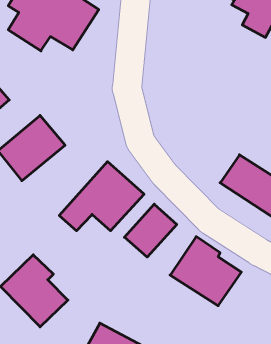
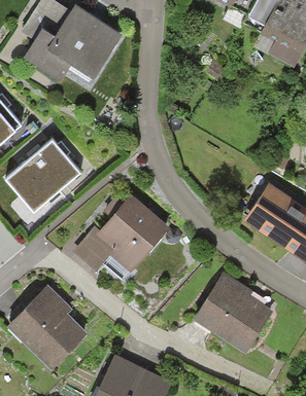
building: [124,204,177,257] -> none

